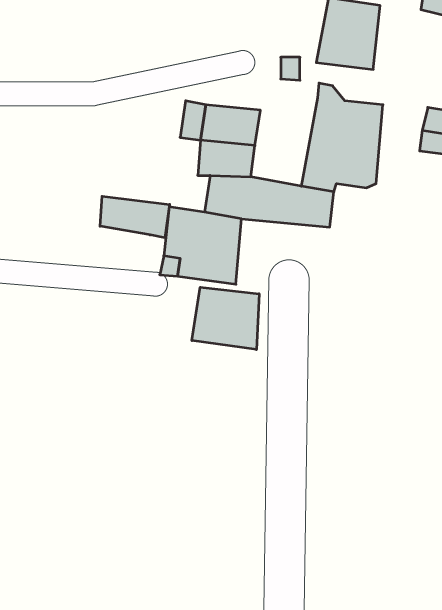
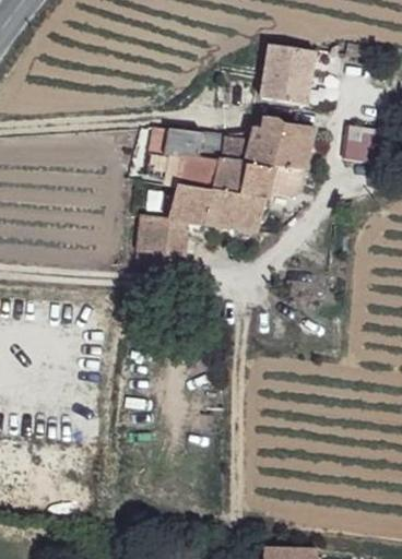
building: none -> [208,122,261,193]
building: [100,196,170,238] -> none
building: [192,287,259,350] -> none

